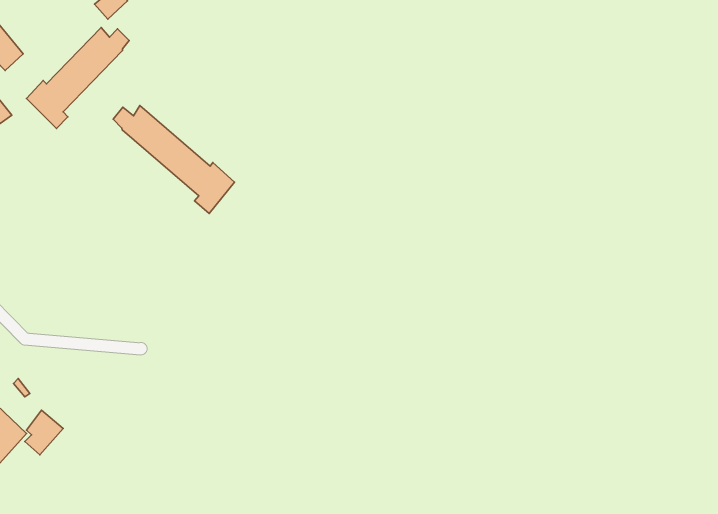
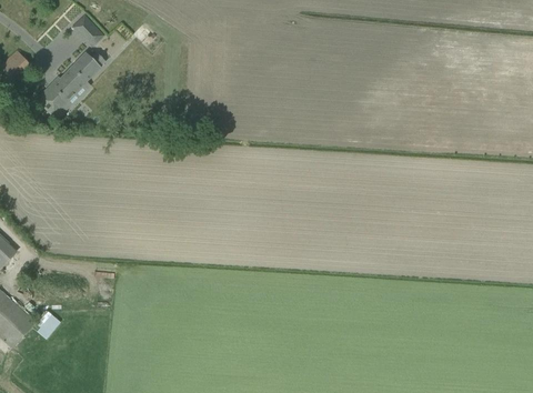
building: [113,106,234,213] -> none

